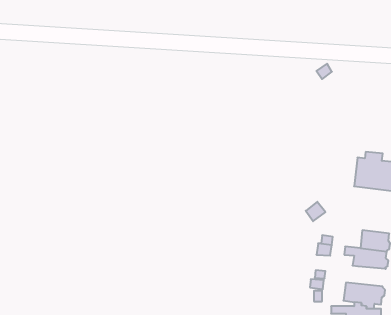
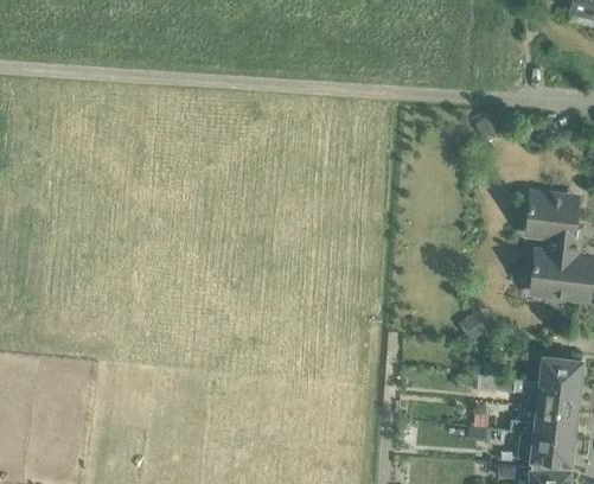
building: none -> [526,193,580,247]
building: none -> [510,408,579,439]

